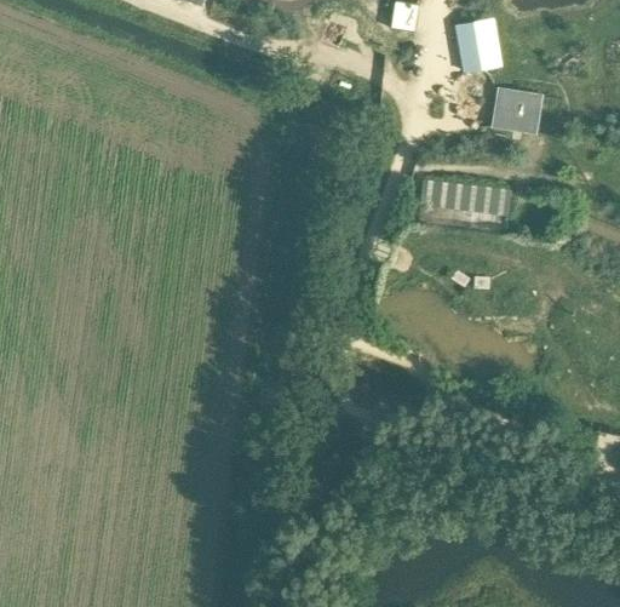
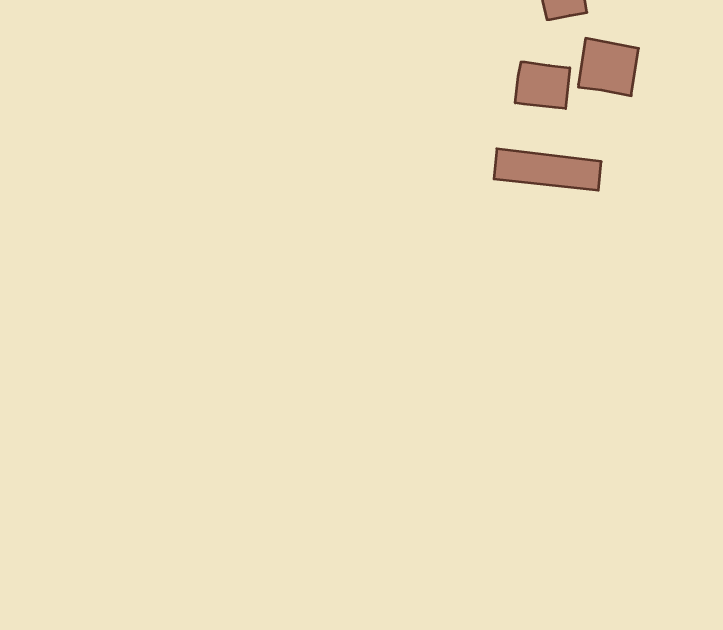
building: none -> [515,62,570,109]

